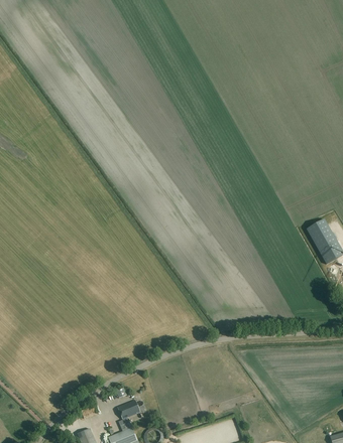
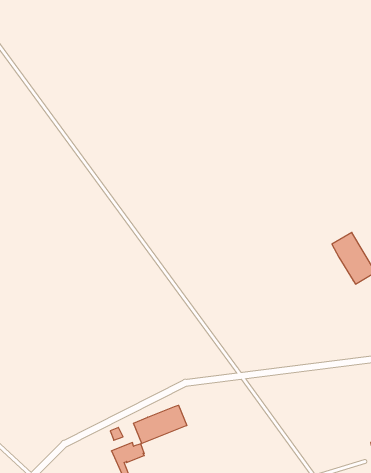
building: none -> [134,405,187,444]

